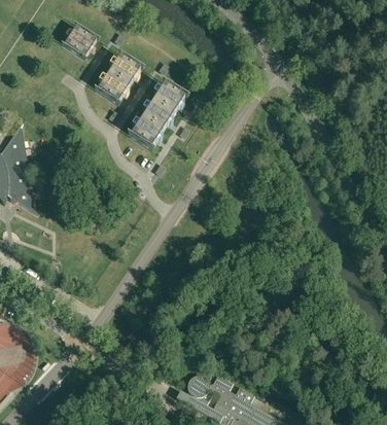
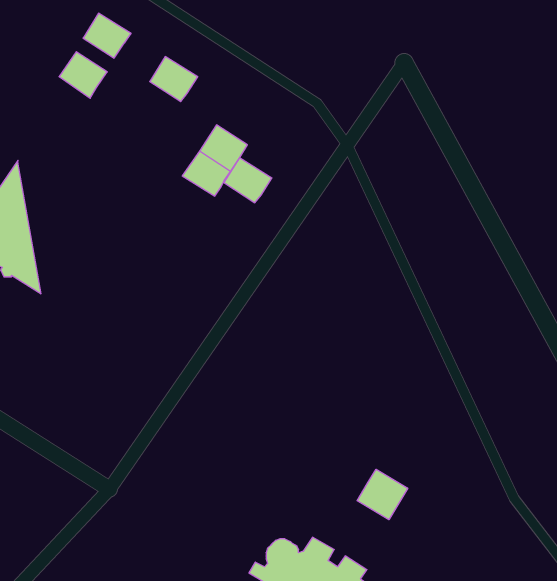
building: [98,71,130,102] -> [59,52,107,98]
building: [153,83,185,113] -> [224,158,272,203]
building: none -> [357,469,408,520]

